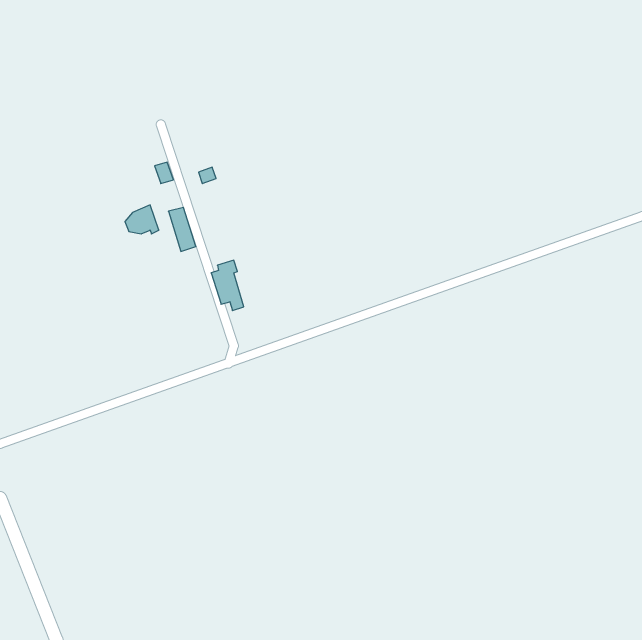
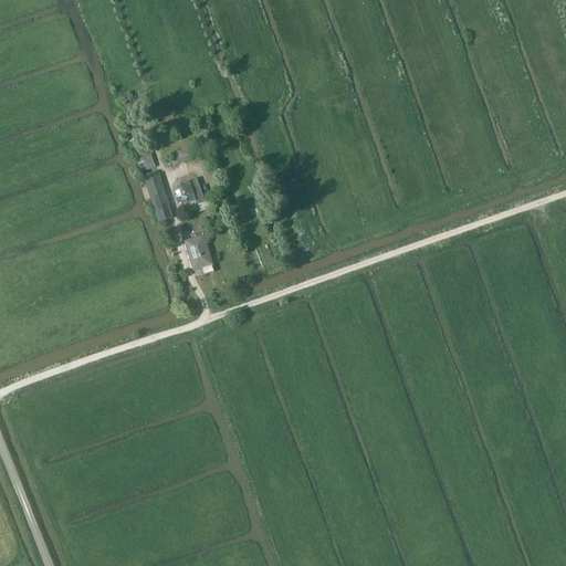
building: [125,205,159,234] -> [174,177,203,202]

